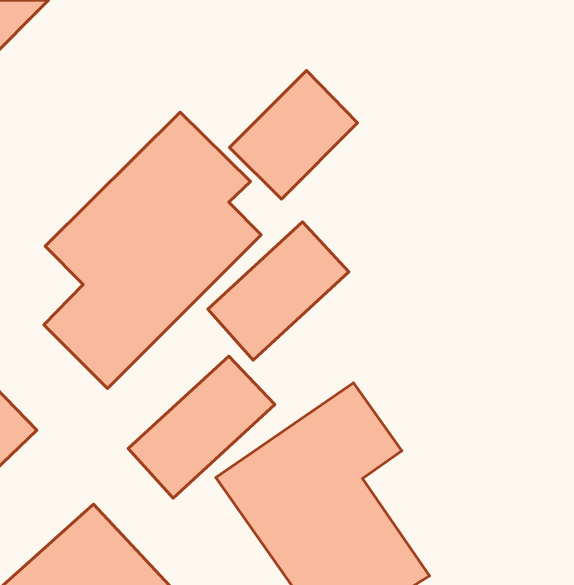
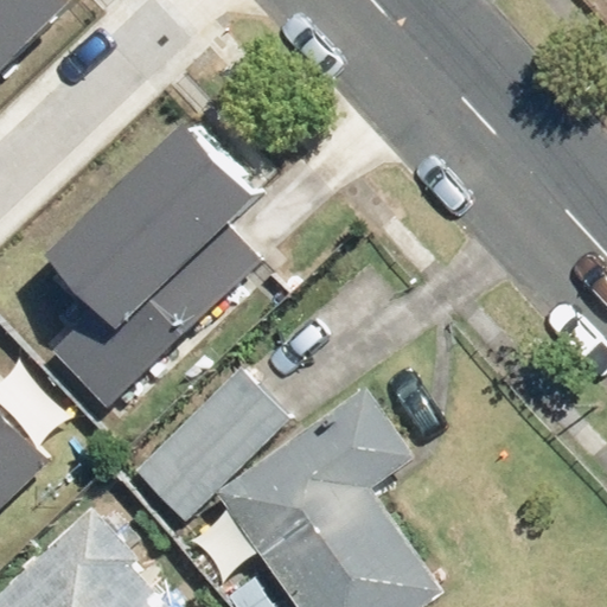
building: [230,71,358,199] -> none
building: [208,222,349,360] -> none

